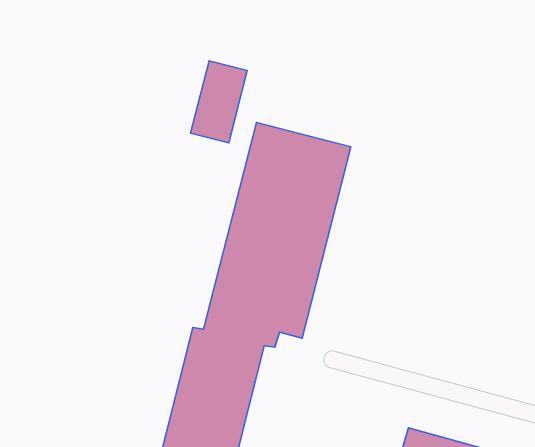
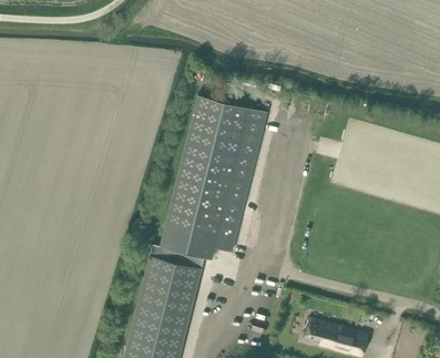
building: [191,61,247,143] -> none

